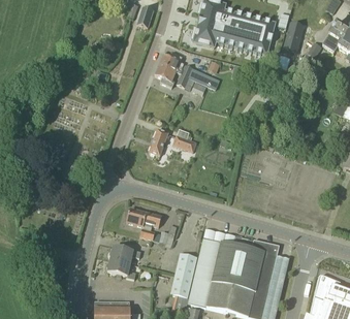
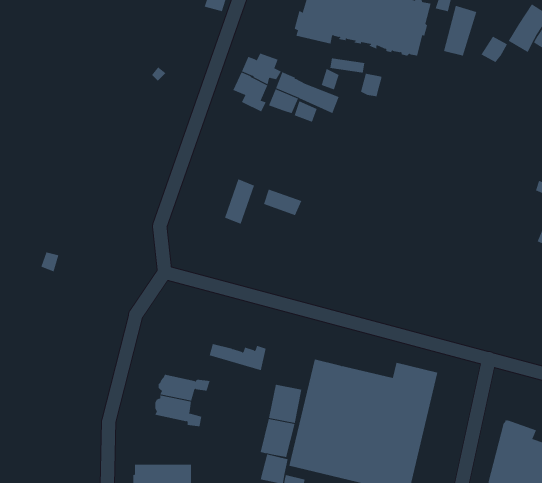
building: [126,206,162,225] -> none

